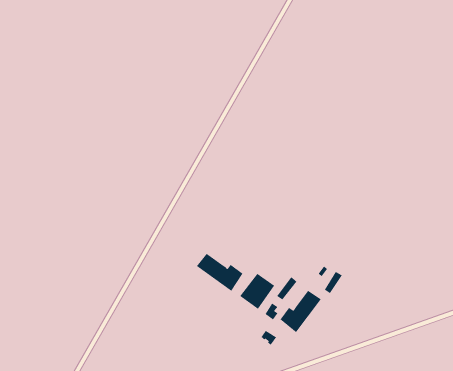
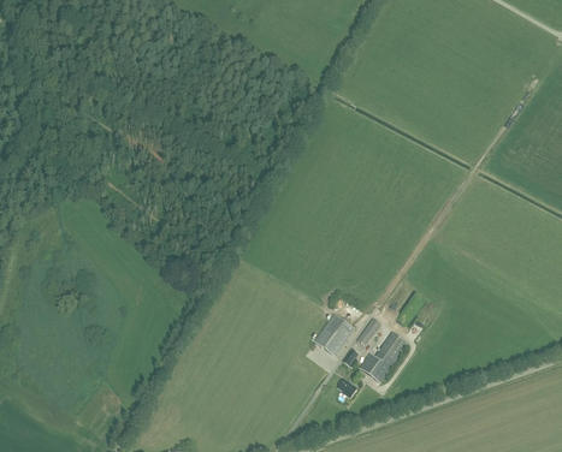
building: [196,253,244,292] -> none

